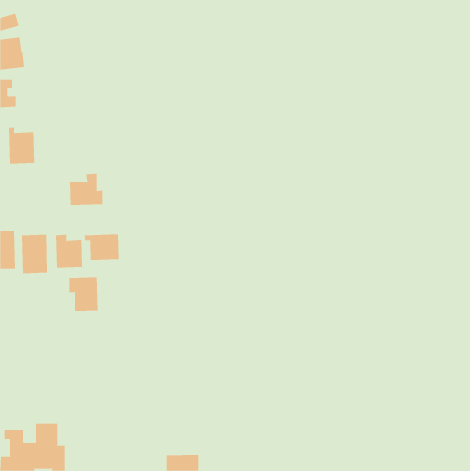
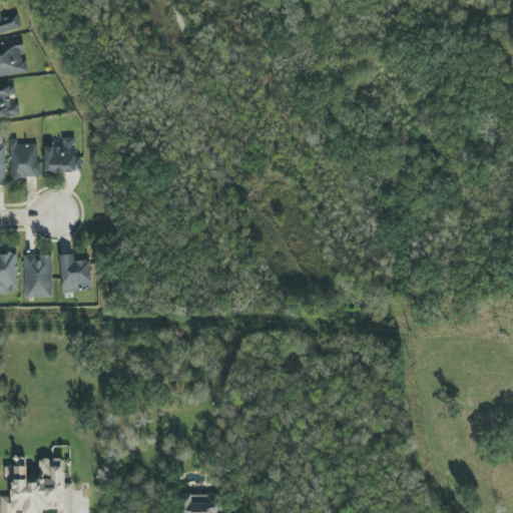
building: [69,173,103,206] -> [43,137,80,172]
building: [84,234,119,261] -> none
building: [69,276,98,312] -> none

